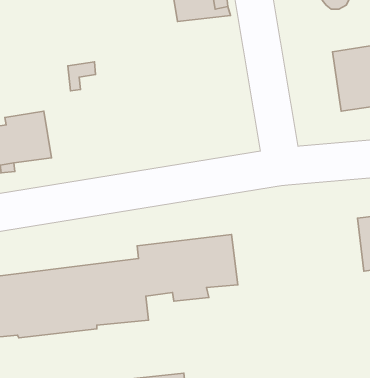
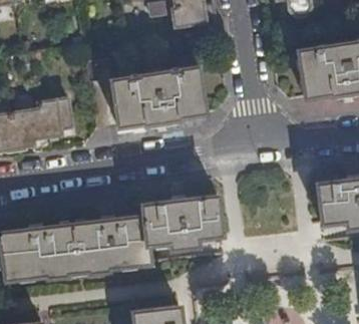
building: none -> [110,65,205,127]

